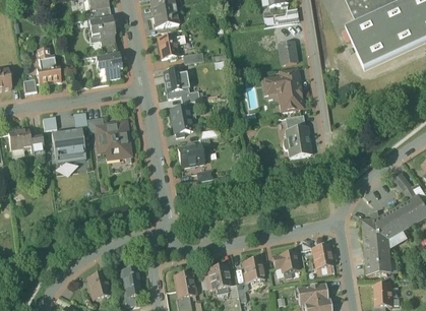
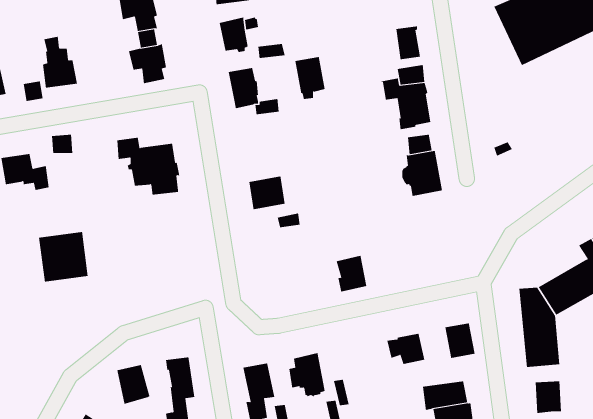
building: [171,107,192,136] -> [294,57,326,100]
building: [51,128,85,163] -> [38,232,89,282]
building: [243,257,264,283] -> [336,255,367,292]

